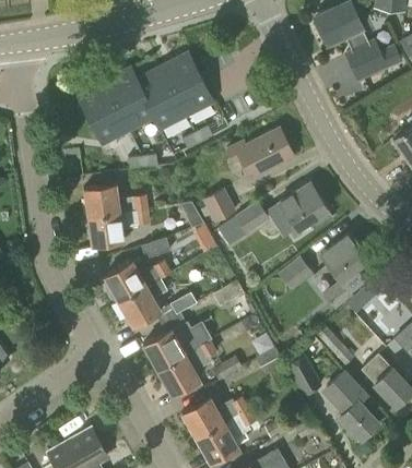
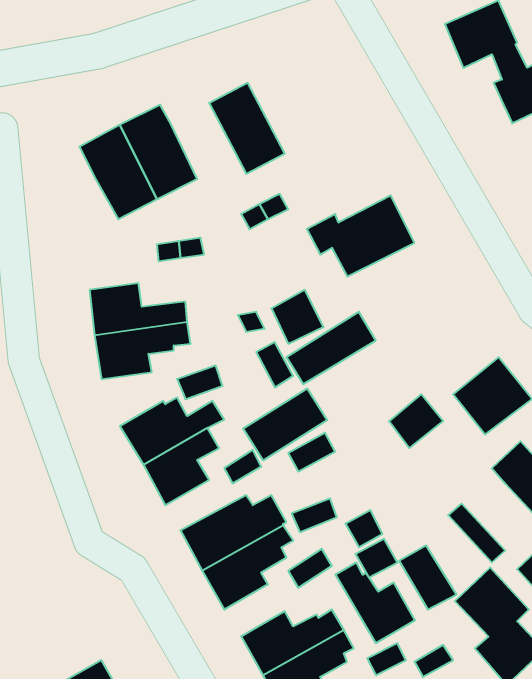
building: [137,68,186,128] -> none
building: [278,182,333,232] -> none
building: none -> [243,389,327,460]
building: none -> [336,563,415,643]

